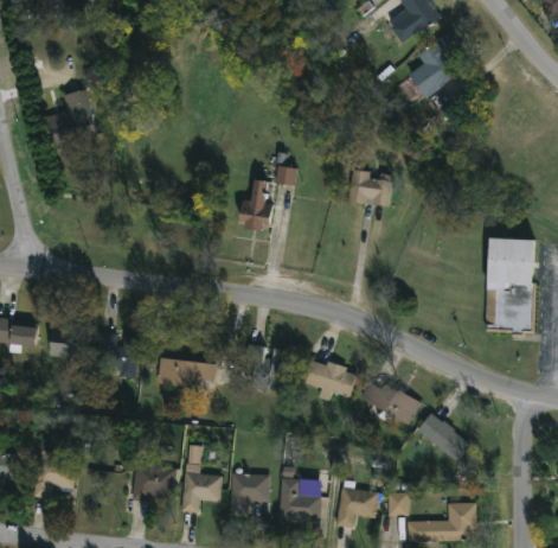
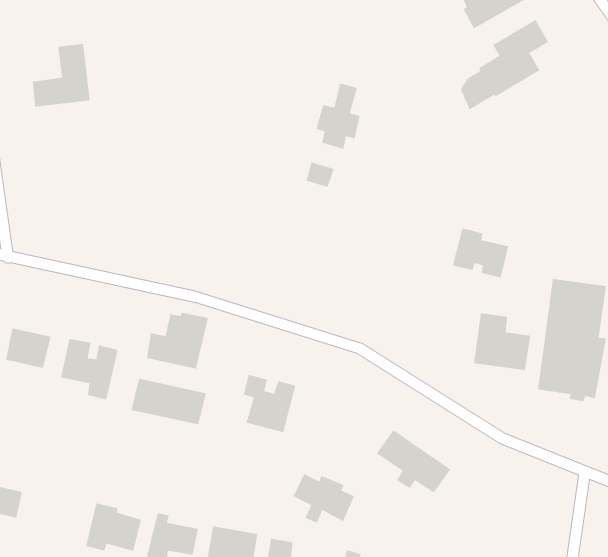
building: [347,170,392,208] -> [452,228,509,278]
building: [237,180,272,235] -> [315,83,361,150]
building: none -> [473,312,531,371]
building: none -> [146,312,209,369]
building: [306,362,357,402] -> [292,473,355,524]
building: [418,413,470,461] -> none

